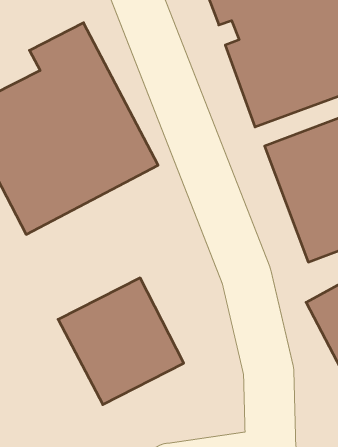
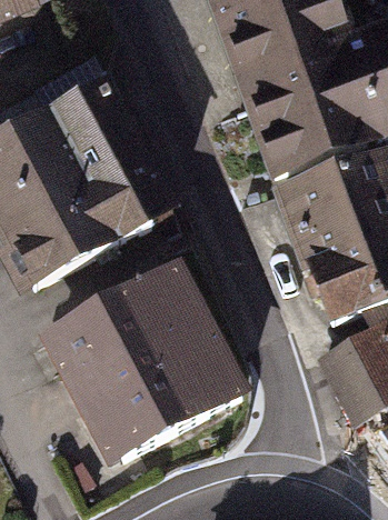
building: none -> [43,262,242,417]

